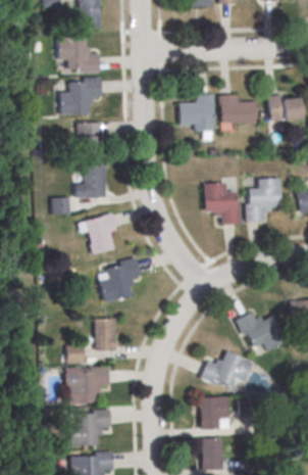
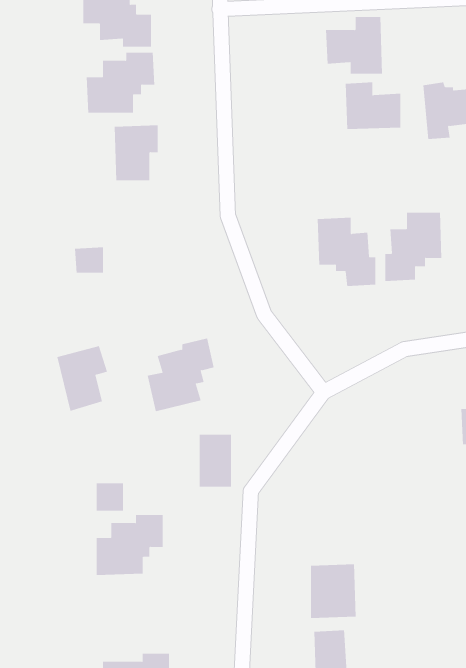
building: [178,98,214,134] -> [325,16,383,74]
building: [76,167,107,200] -> none
building: [87,217,118,257] -> [57,345,108,411]
building: [236,311,287,350] -> none
building: [96,318,116,350] -> [199,434,232,487]
building: [200,349,253,387] -> none
building: [68,408,110,445] -> none

